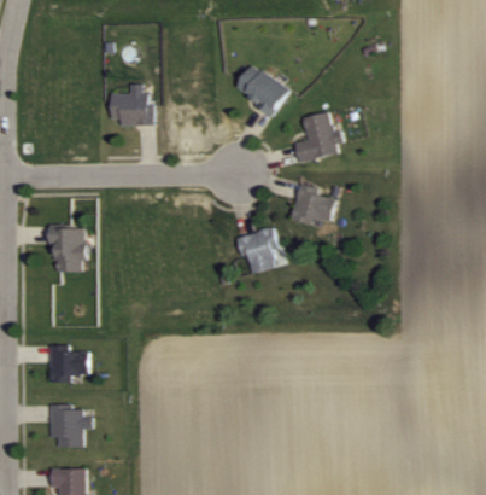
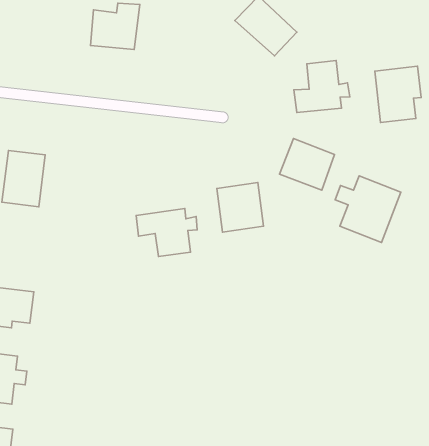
building: none -> [375,66,421,123]
building: none -> [335,176,401,242]
building: none -> [136,208,197,256]

